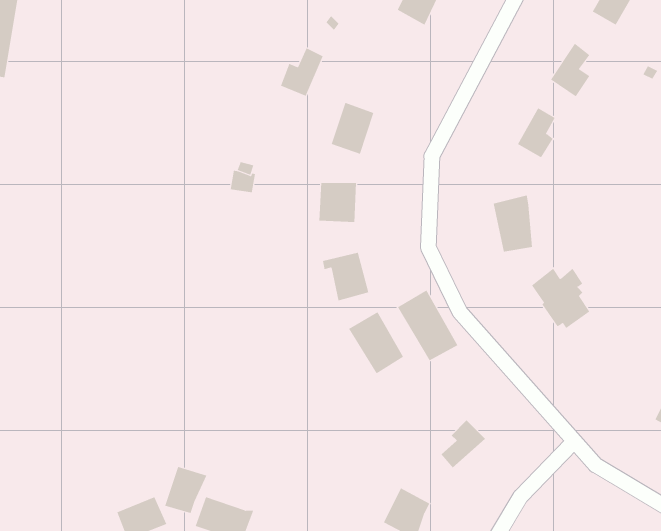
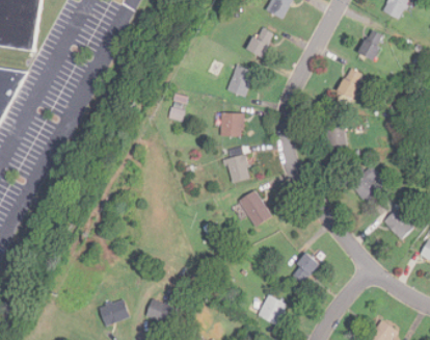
building: [280,48,324,96] -> [247,27,273,56]
building: [397,289,458,361] -> none
building: none -> [384,209,412,238]
building: [165,466,207,514] -> none

